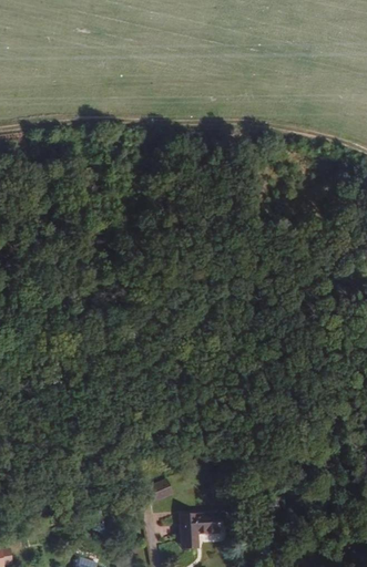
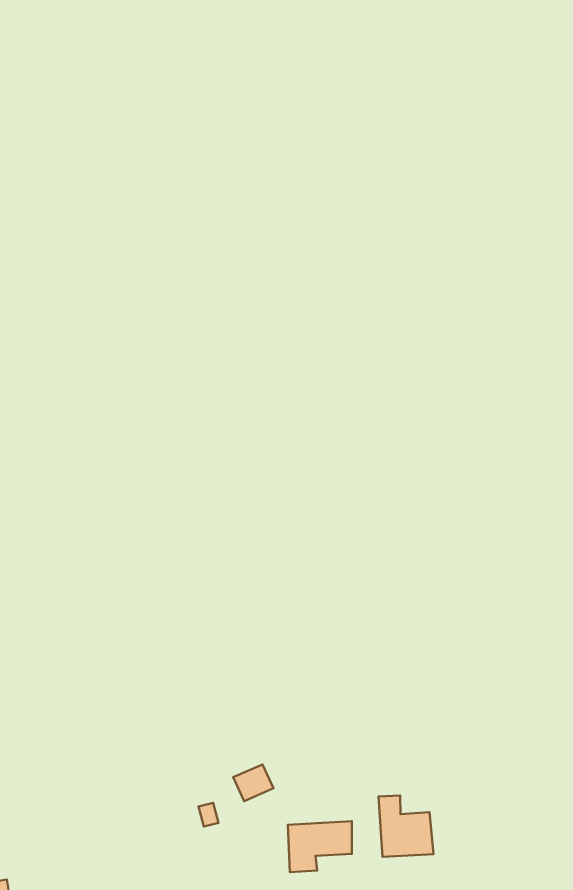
building: none -> [378,795,433,857]

